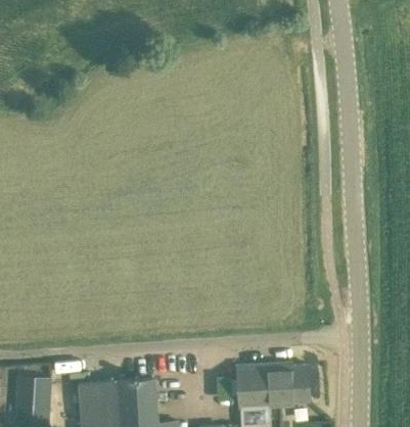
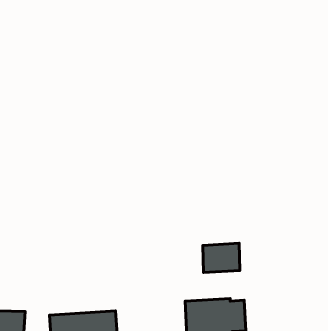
building: none -> [203,243,240,272]

